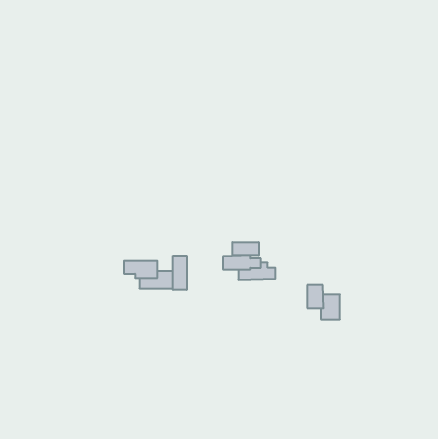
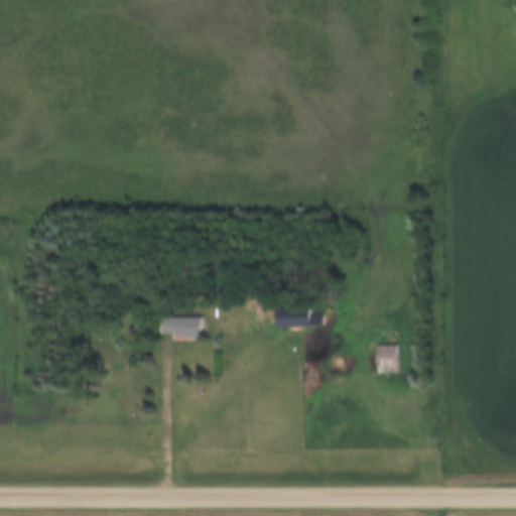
building: [232,242,259,256] -> none
building: [173,256,187,290] -> none

